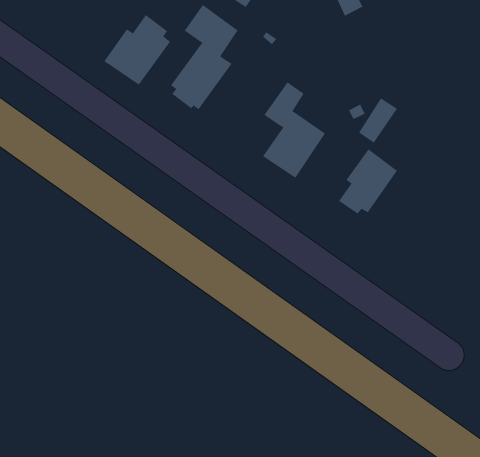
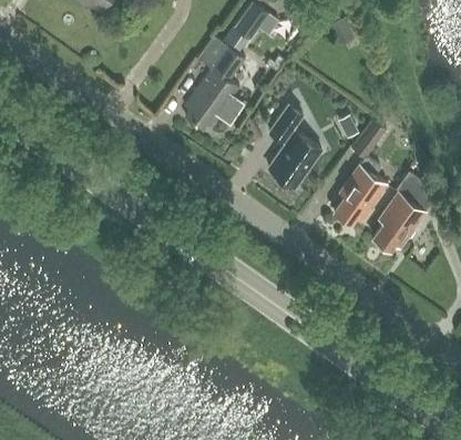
building: [103,14,171,86] -> none
building: none -> [372,172,433,252]

